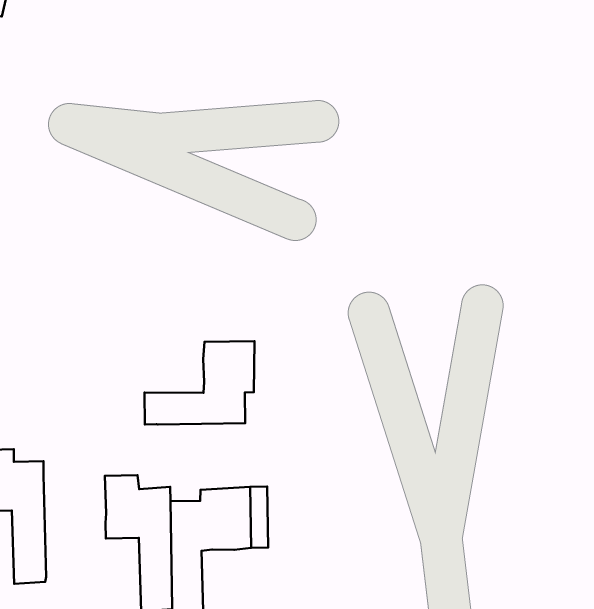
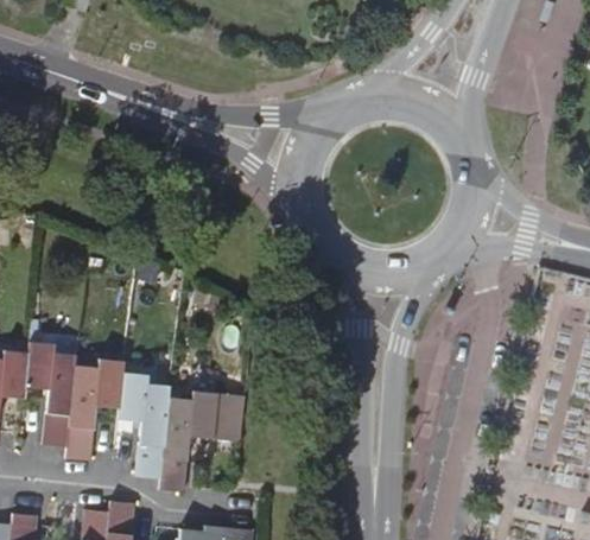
building: [144,341,255,425] -> none
building: none -> [65,358,122,460]

